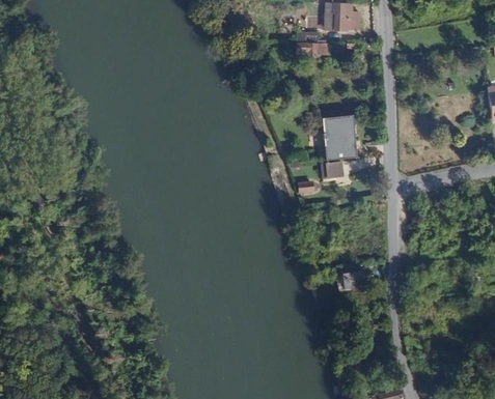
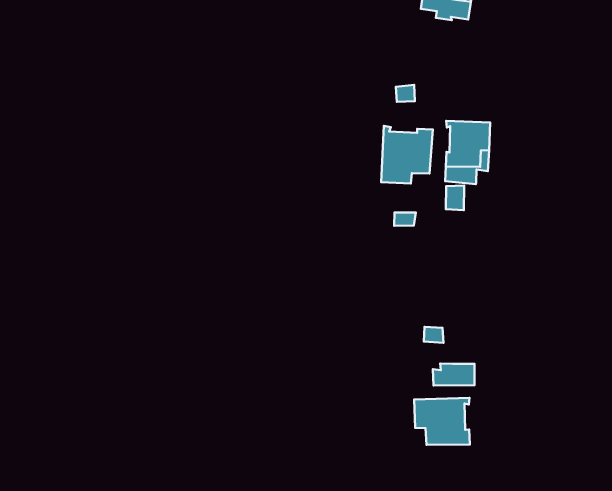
building: none -> [381,126,433,184]
building: none -> [414,398,470,445]

